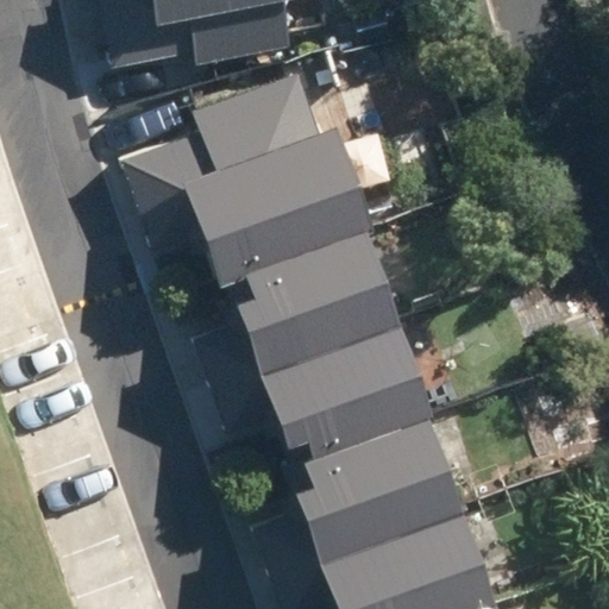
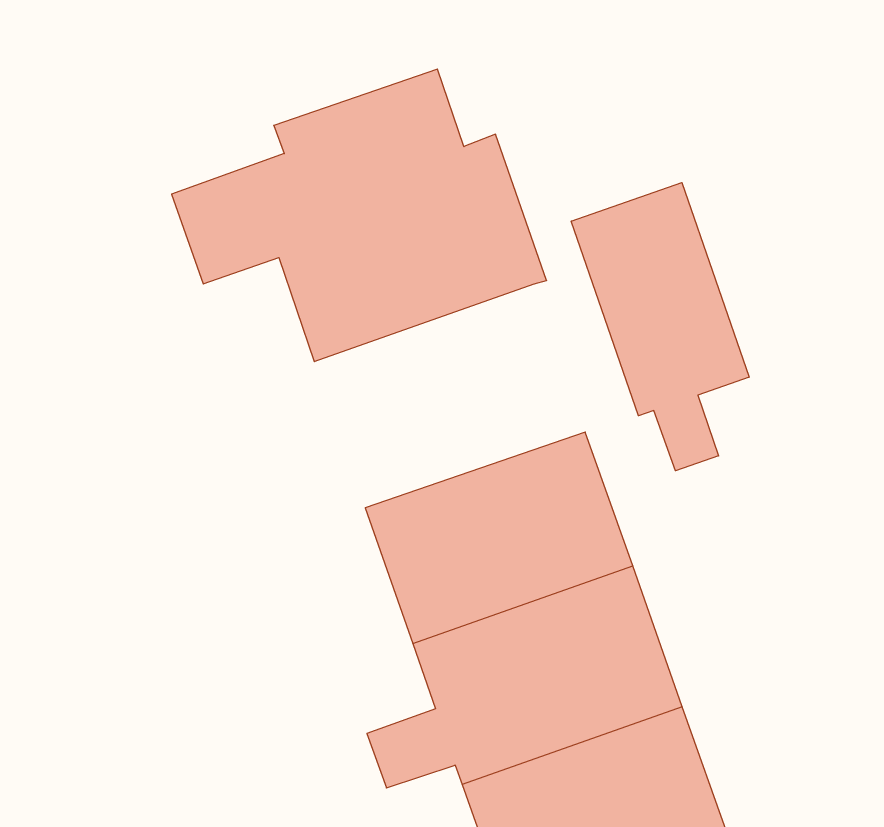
building: none -> [571,183,749,471]
building: [194,221,397,372] -> none

